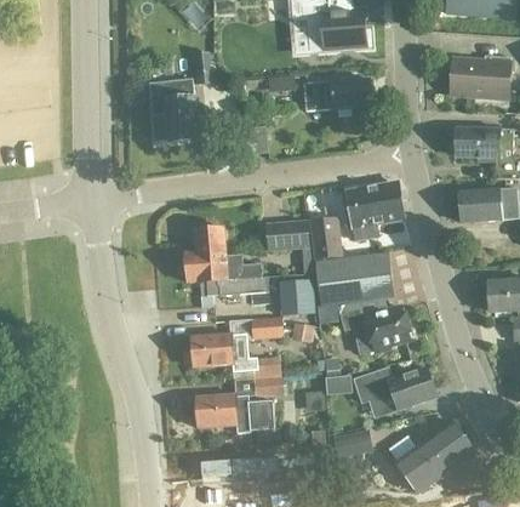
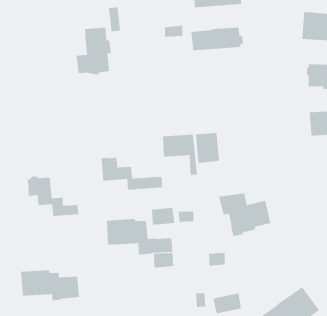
building: [339,182,402,239] -> none
building: [193,224,262,278] -> [27,176,79,216]
building: [315,251,393,303] -> none
building: [279,280,314,313] -> none
building: [360,365,435,411] -> none
building: [195,392,274,433] -> [20,270,80,301]

